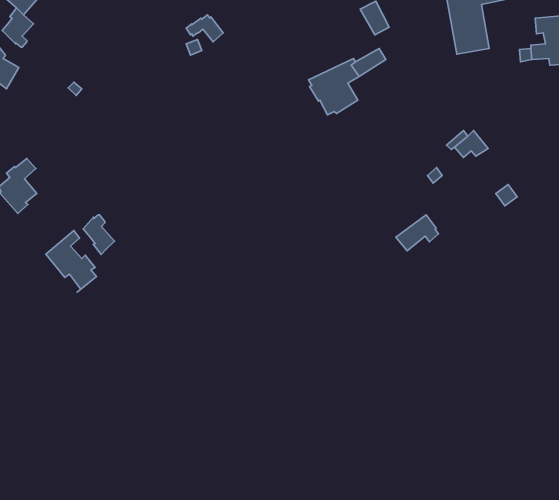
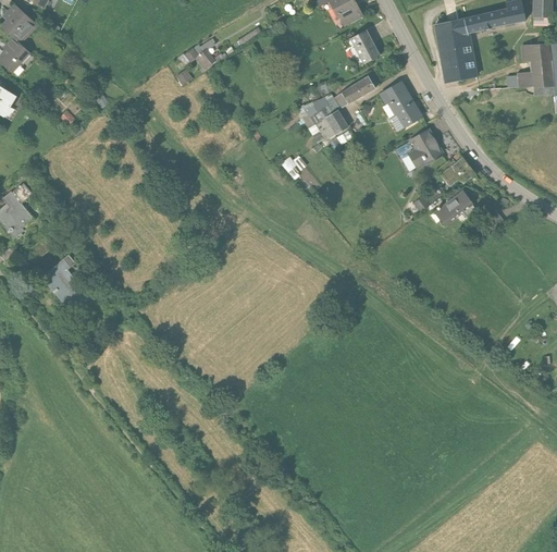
building: none -> [379,81,420,131]
building: none -> [395,128,441,167]
building: [396,215,439,251] -> [432,188,473,223]
building: [83,215,114,255] -> none

